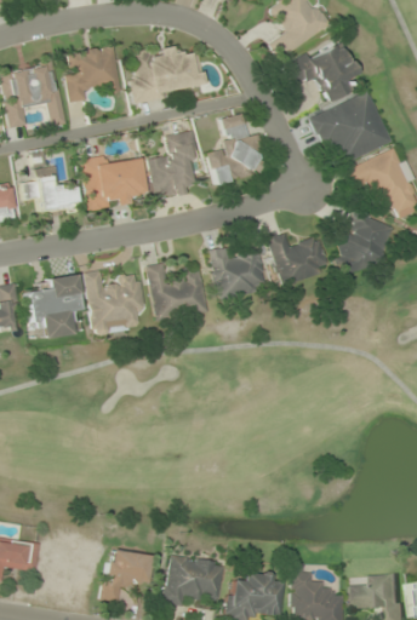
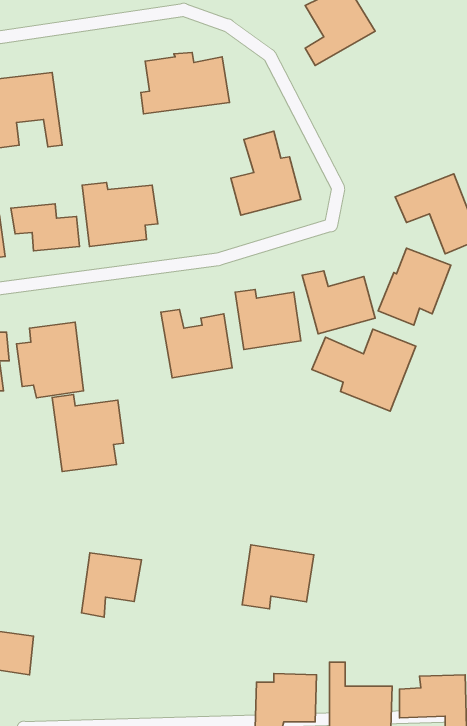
building: [281,41,355,102] -> none
building: [67,46,119,102] -> none
building: [312,91,390,168] -> none
building: [147,132,196,197] -> none
building: [84,270,144,335] -> [52,395,124,472]
building: none -> [312,329,416,411]
building: [101,547,152,602] -> [81,553,141,617]
building: [162,553,223,608] -> [242,545,314,609]

